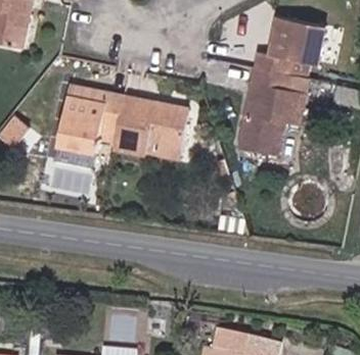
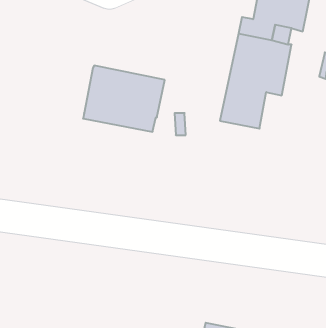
building: [54,85,122,164] -> none

